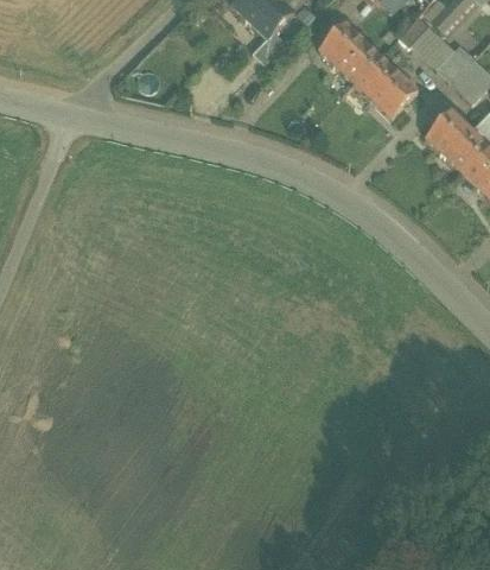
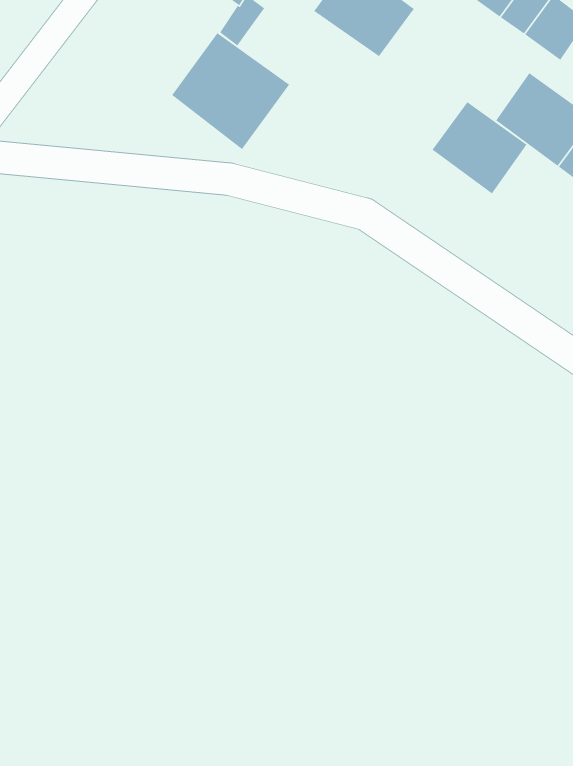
building: none -> [171,32,290,150]
building: [354,55,416,118] -> [432,101,528,195]

